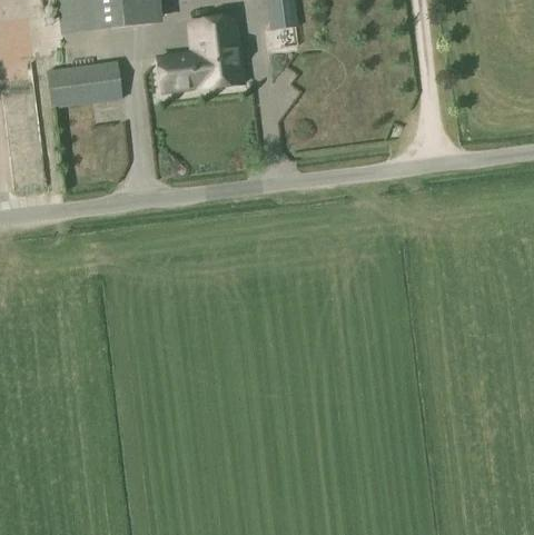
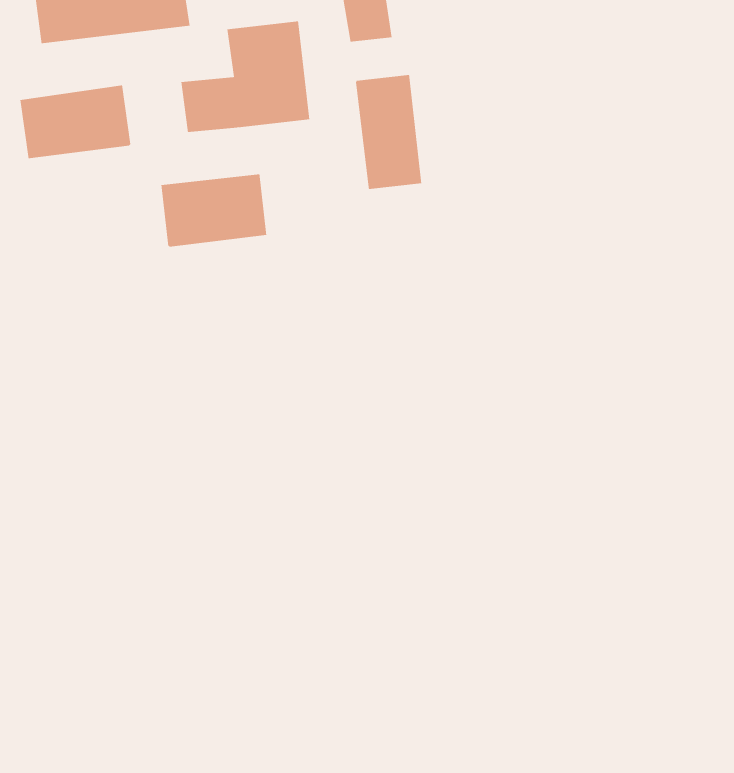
building: none -> [355,74,422,190]
building: none -> [161,174,267,247]

